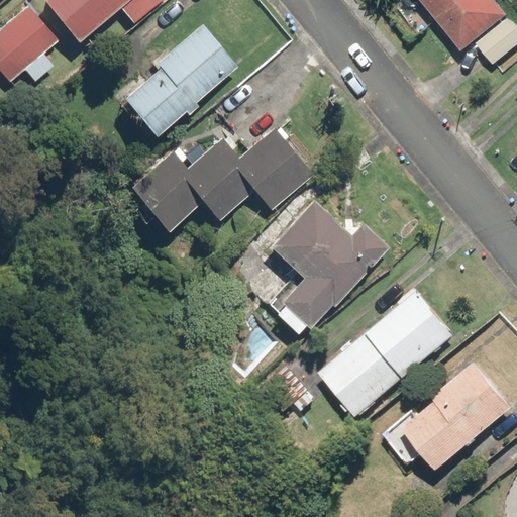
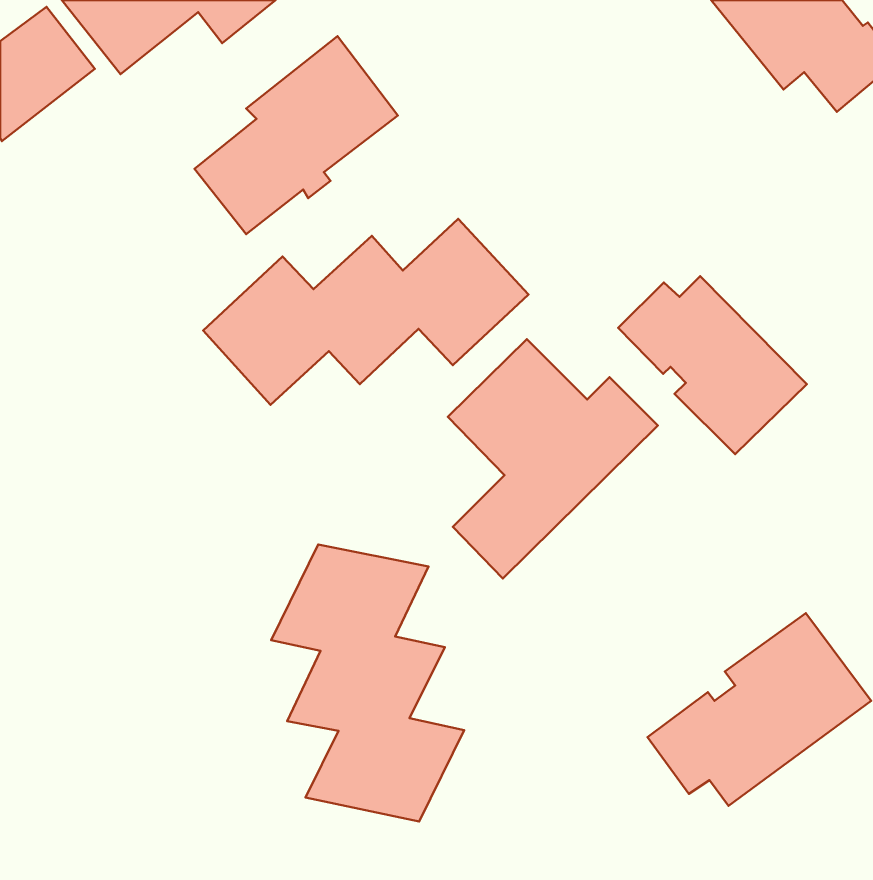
building: none -> [618,276,807,454]
building: [319,288,458,418] -> none
building: none -> [271,545,464,821]

